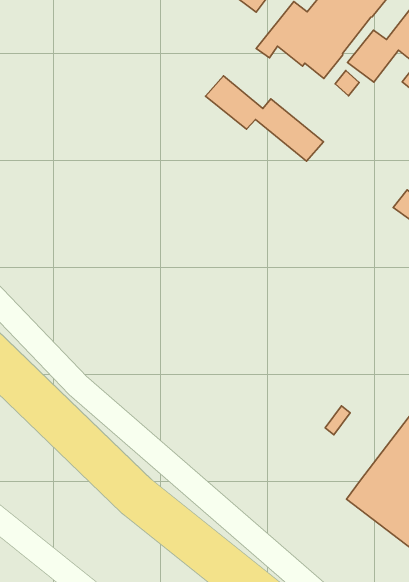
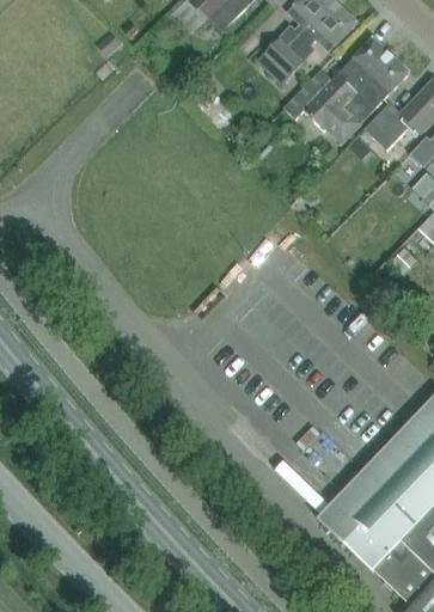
building: [205,76,323,161] -> none

